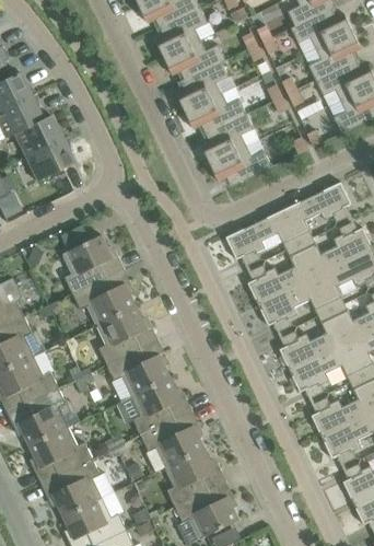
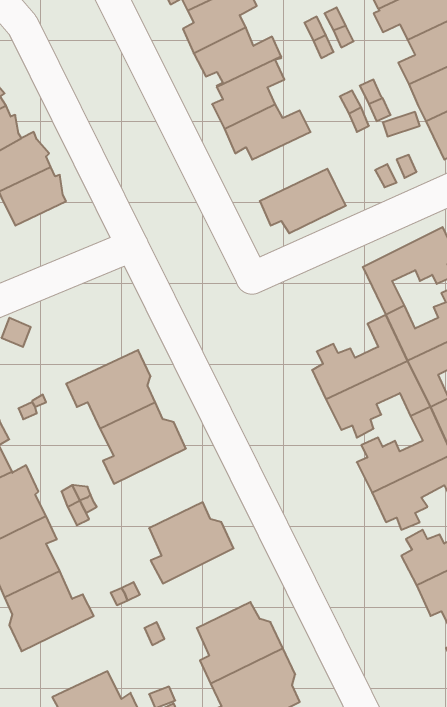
building: [202,114,259,163] -> none
building: [226,210,301,265] -> none
building: [61,225,125,293] -> none
building: [107,339,171,396] -> none
building: [142,410,204,467] -> none
building: [42,458,115,516] -> none

